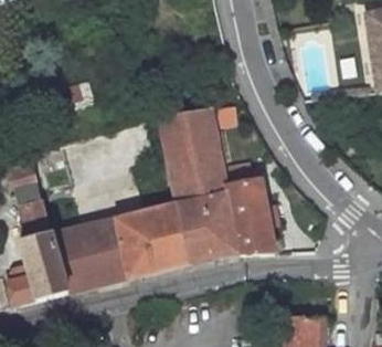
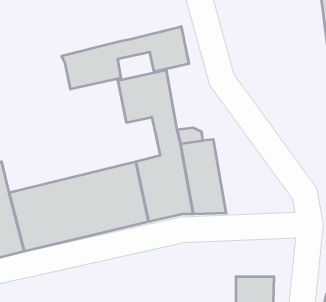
building: none -> [62,26,189,89]
building: [171,154,206,200] -> none

